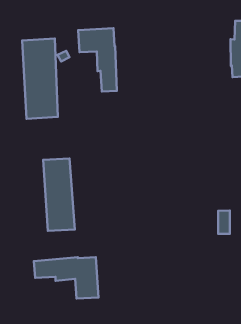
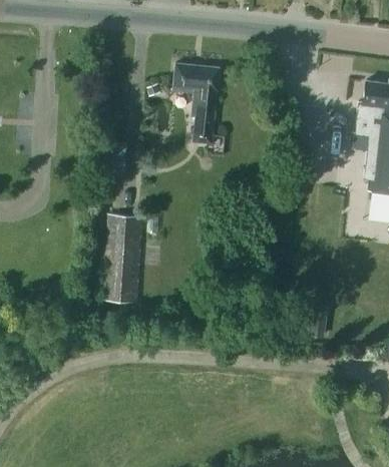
building: [22,38,58,119] -> none
building: [34,257,99,298] -> none

